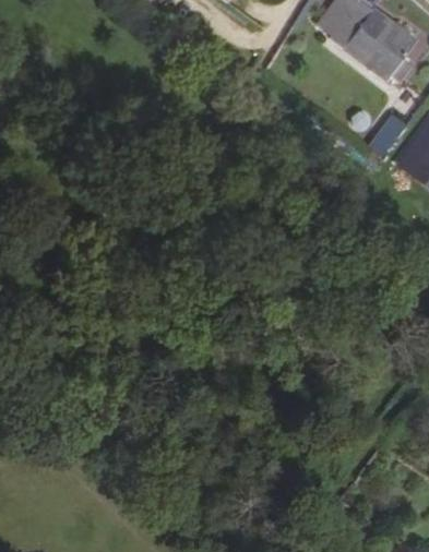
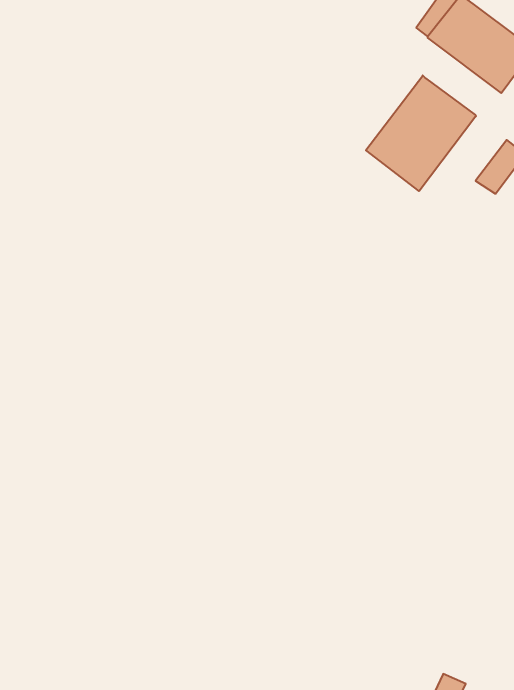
building: none -> [366,75,476,191]

